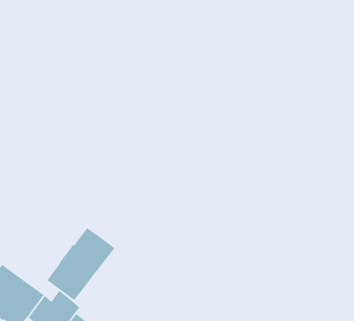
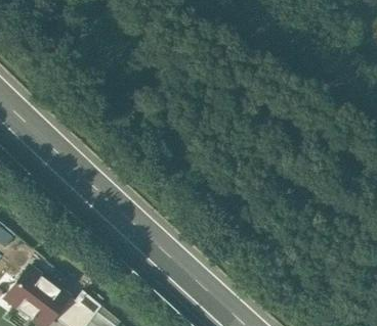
building: [46,228,115,301] -> none

